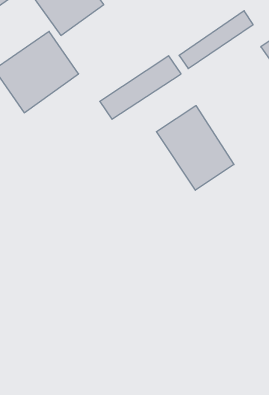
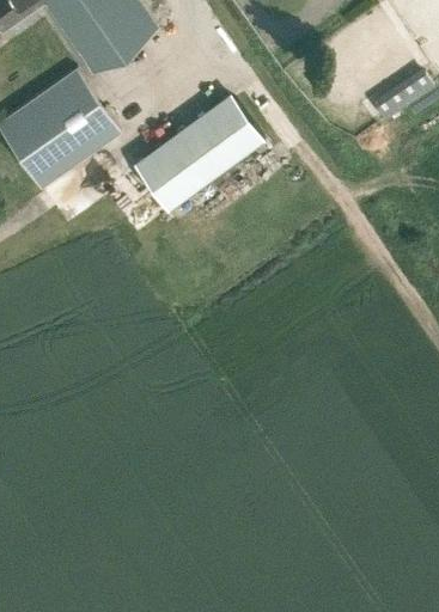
building: [179,11,253,69] -> [140,85,249,170]
building: [156,106,234,190] -> none

